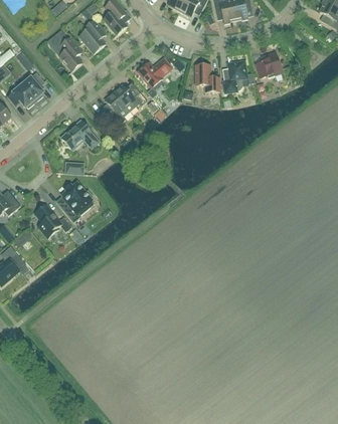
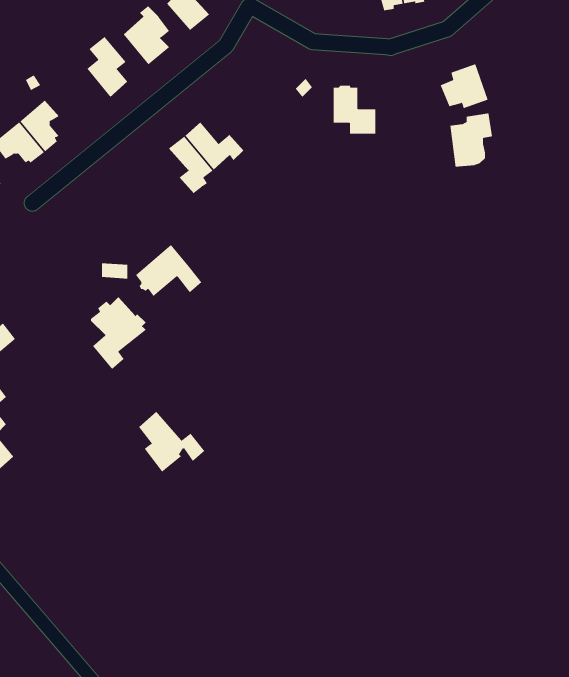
building: [137,57,171,86] -> none
building: [221,60,245,90] -> [449,113,493,167]
building: [60,120,98,149] -> [135,244,202,297]
building: [34,203,71,237] -> [138,411,205,473]

